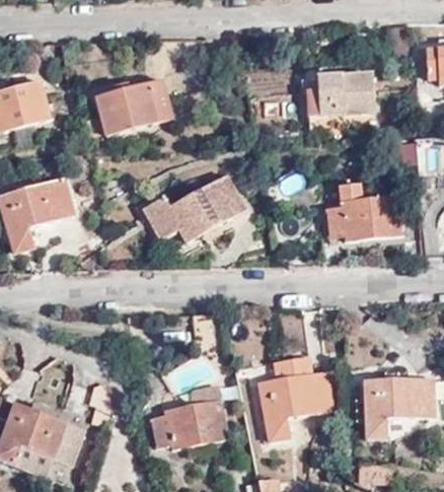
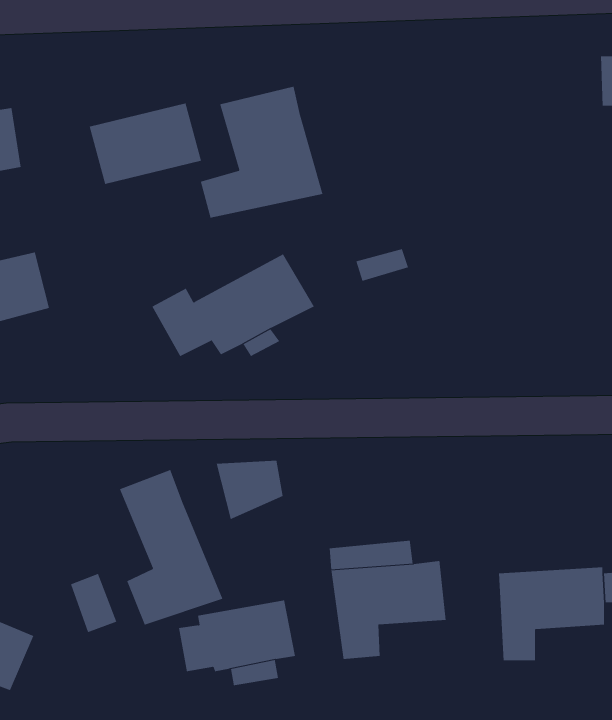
building: none -> [200,86,323,218]
building: [310,75,376,117] -> none
building: [326,193,398,240] -> none
building: none -> [119,469,223,625]
building: [47,423,80,468] -> none

